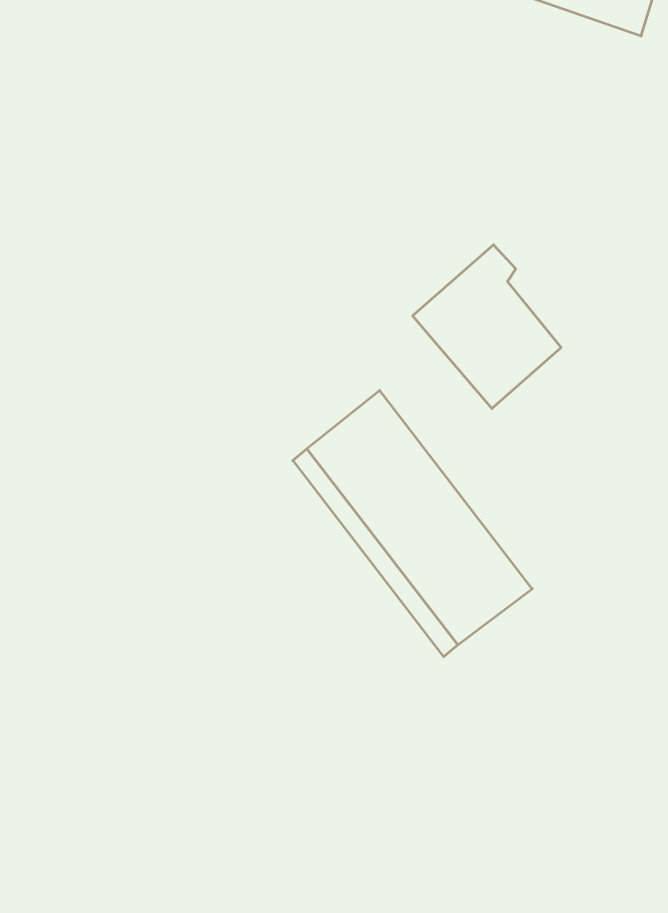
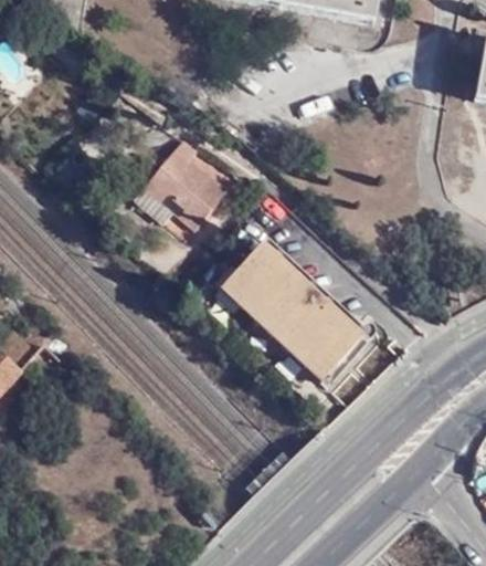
building: [413,245,561,409] -> [146,136,230,226]

